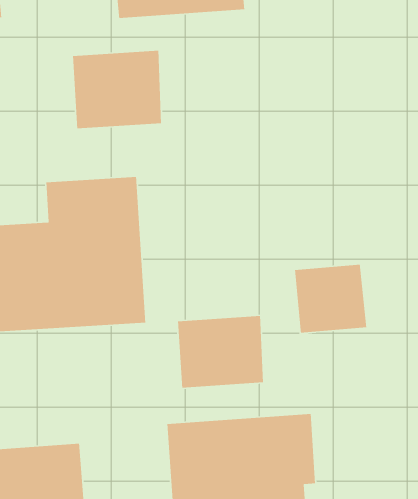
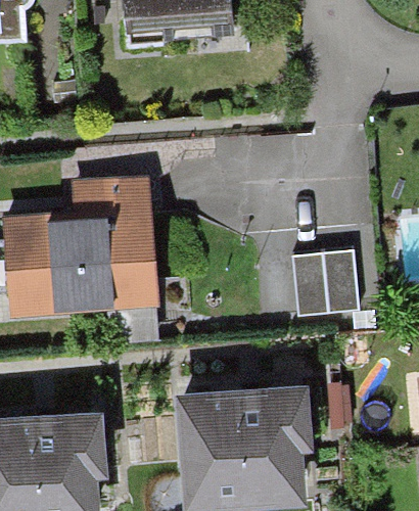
building: [72,50,162,129] -> none
building: [177,315,264,388] -> none

